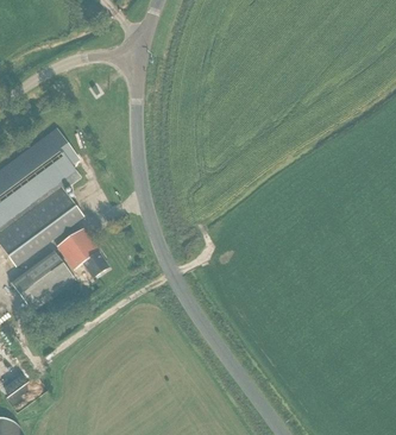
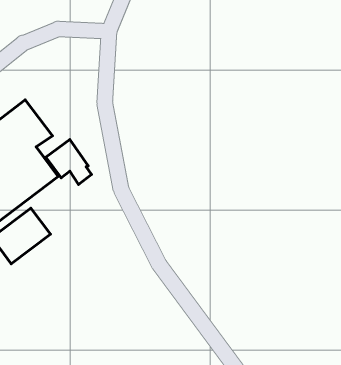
building: [57,227,107,276] -> [46,140,92,184]

